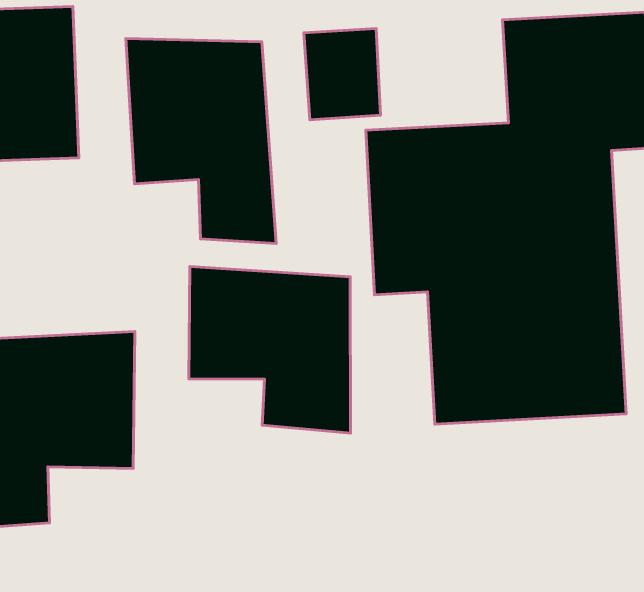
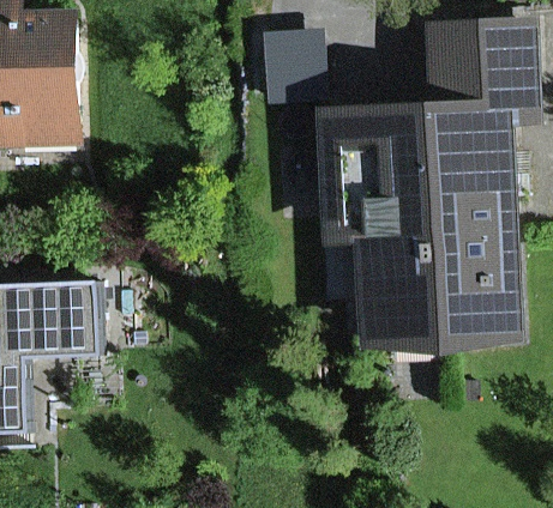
building: [126,39,276,243] -> none
building: [189,266,351,433] -> none

